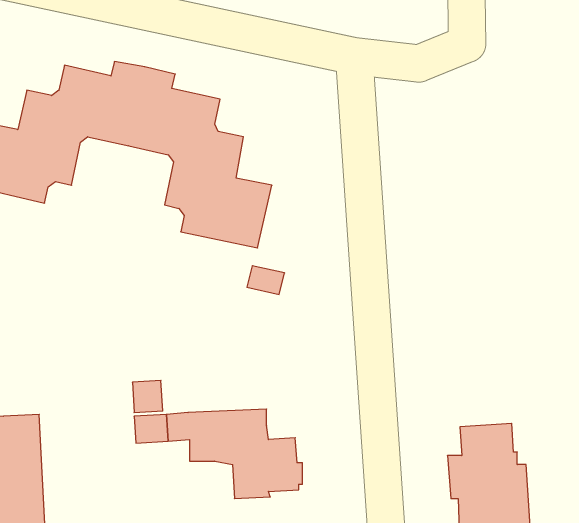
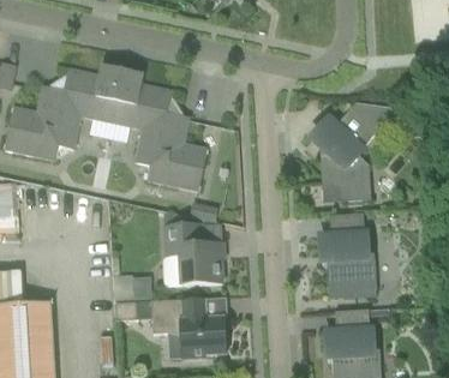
building: none -> [316,102,396,200]
building: none -> [319,212,377,296]
building: none -> [162,223,223,286]

